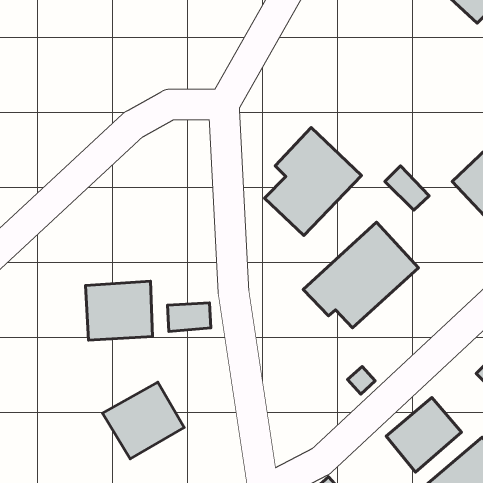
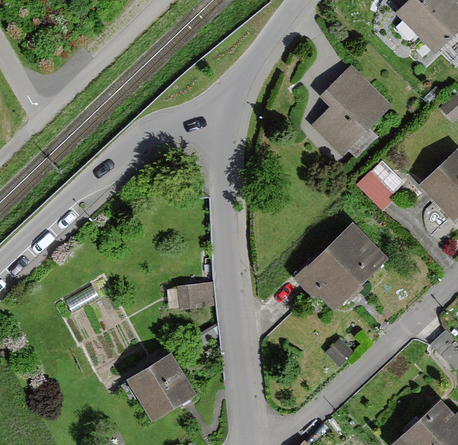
building: [264,127,362,235] -> [313,67,394,157]
building: [85,281,153,340] -> none
building: [386,397,461,472] -> none

